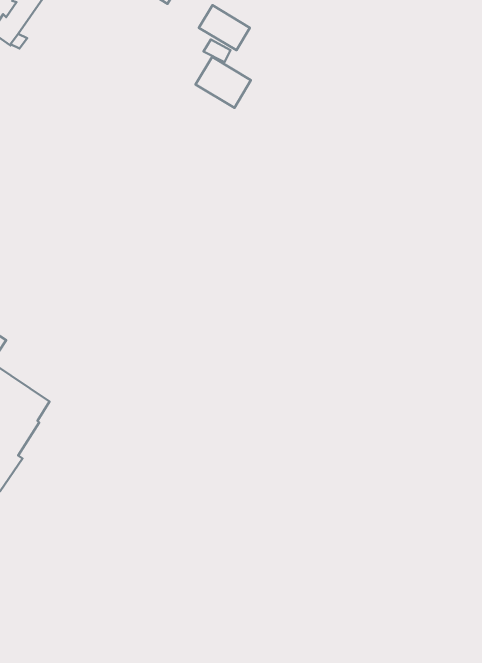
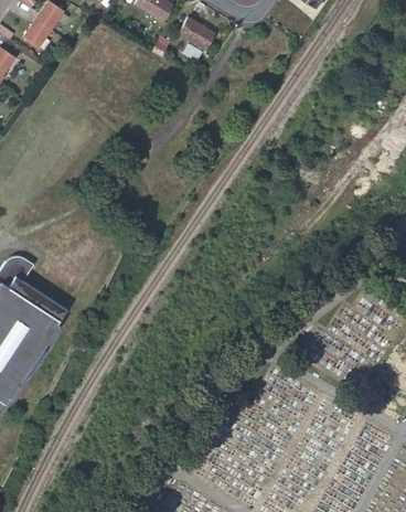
building: [196,57,251,108] -> none

